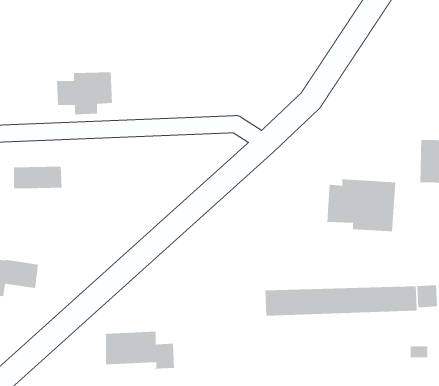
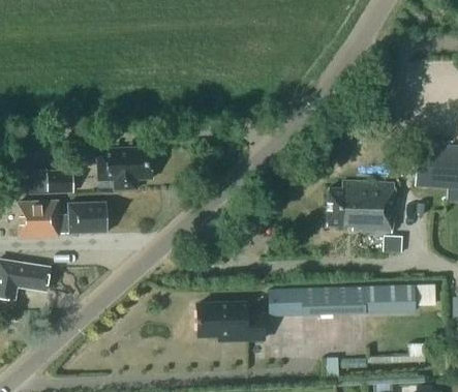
building: [56,71,113,115] -> [96,147,151,189]
building: none -> [17,201,108,238]
building: [105,331,175,369] -> [197,302,265,339]

